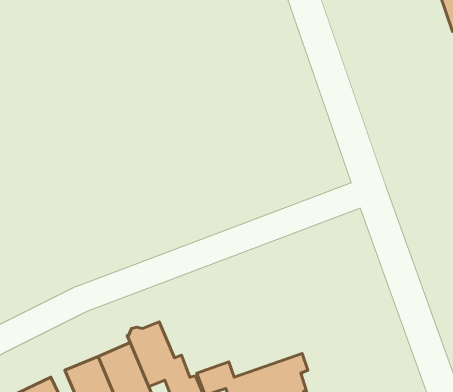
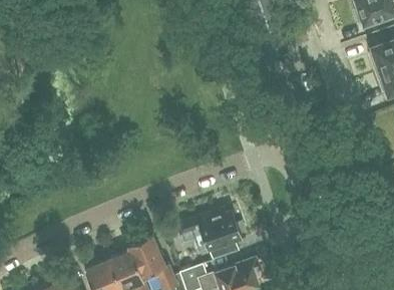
building: none -> [178,211,246,261]

